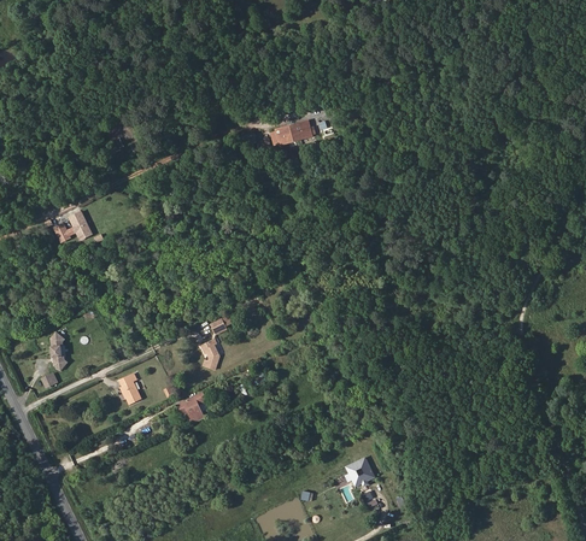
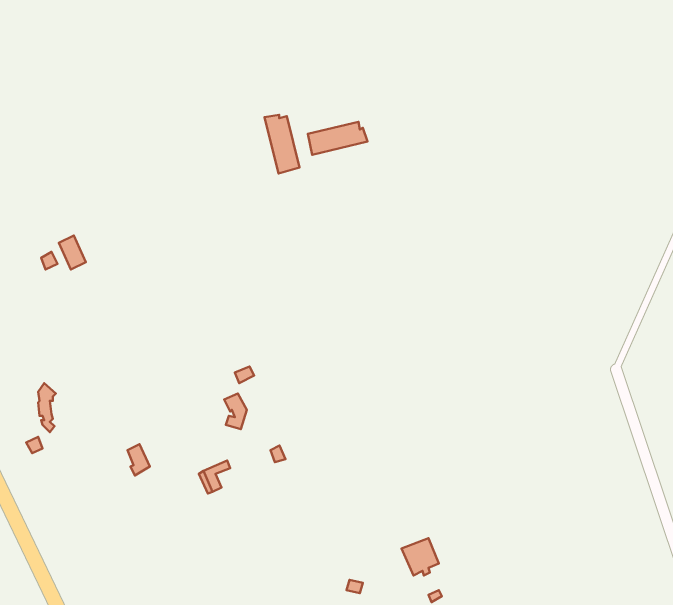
building: none -> [265,115,300,173]

